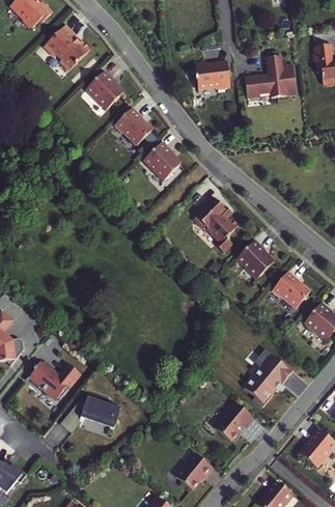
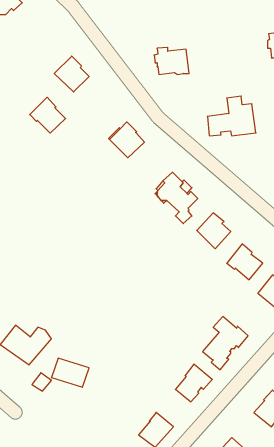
building: [45,25,89,72] -> none
building: [244,56,296,98] -> [207,96,256,136]
building: [115,107,153,145] -> [30,97,66,133]

